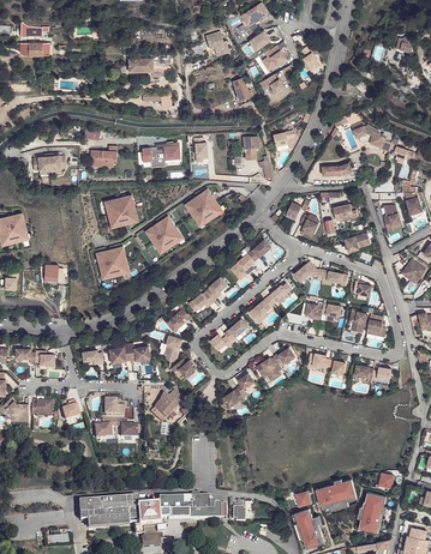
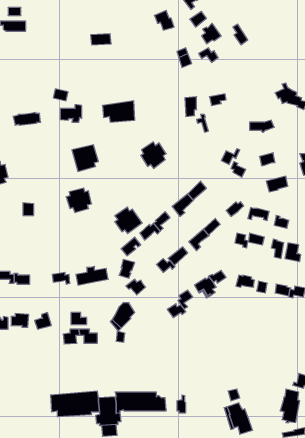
building: [149,217,182,249] -> [115,207,142,234]
building: [315,481,355,508] -> none

